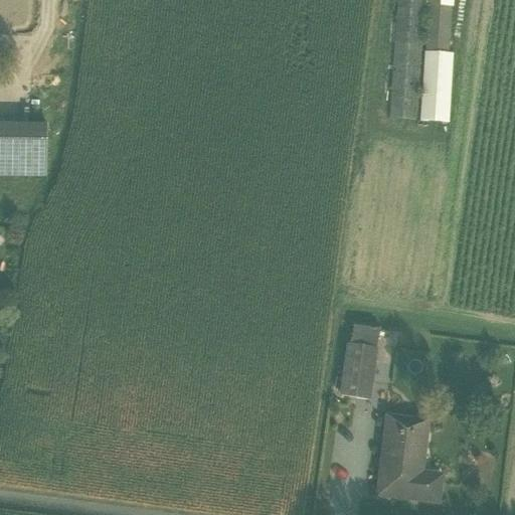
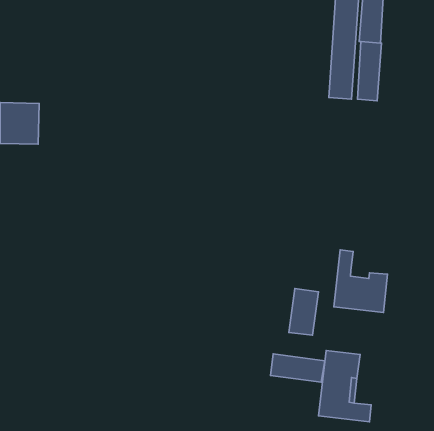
building: none -> [334,250,388,312]
building: [349,325,379,346] -> none
building: none -> [271,354,325,382]

